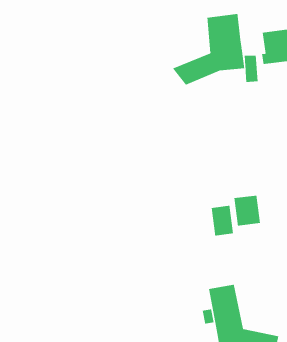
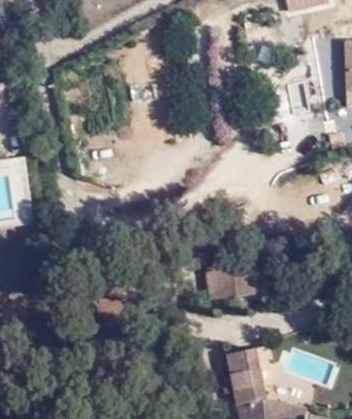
building: [172,13,245,86] -> none
building: [234,195,261,226] -> [208,268,238,302]

